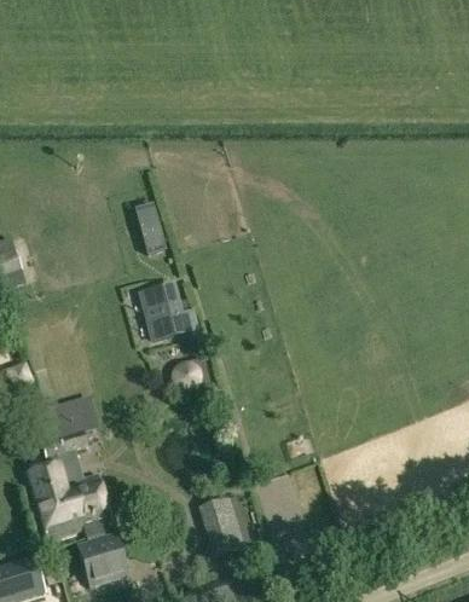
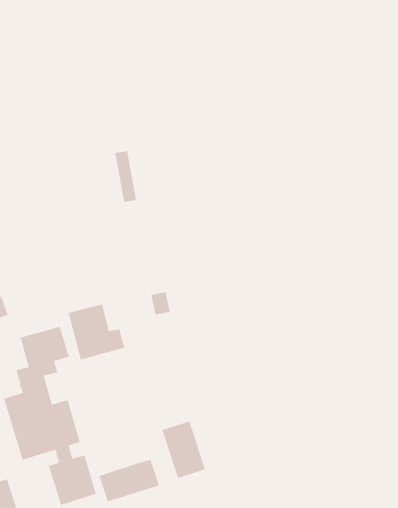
building: [138,282,199,342] -> [68,304,125,360]
building: none -> [99,459,159,502]

